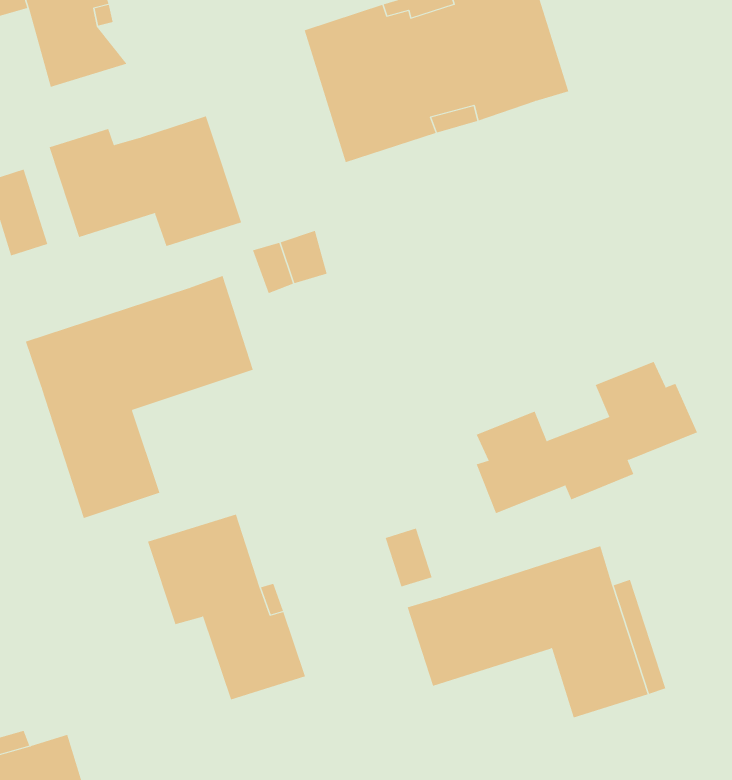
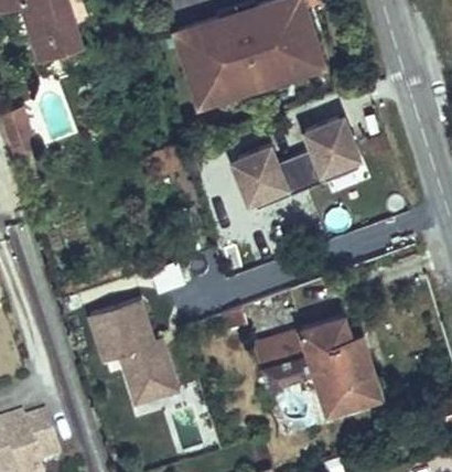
building: [49,115,242,247] -> none
building: [25,275,254,519] -> none
building: [476,361,698,514] -> [244,117,367,202]

